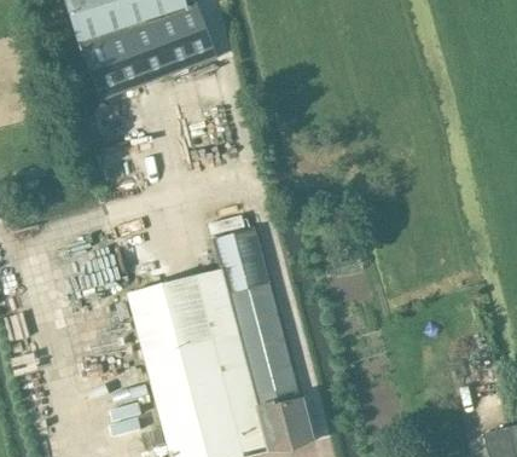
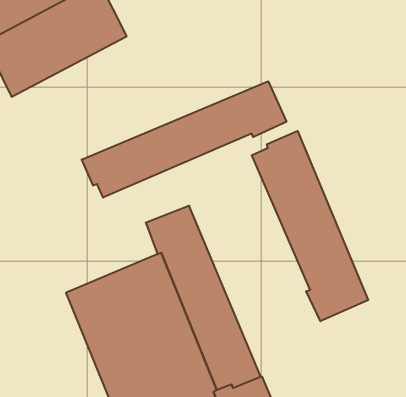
building: none -> [82,81,286,198]
building: none -> [252,131,368,321]

